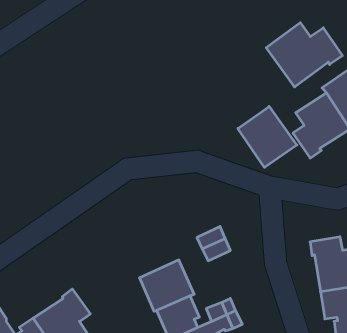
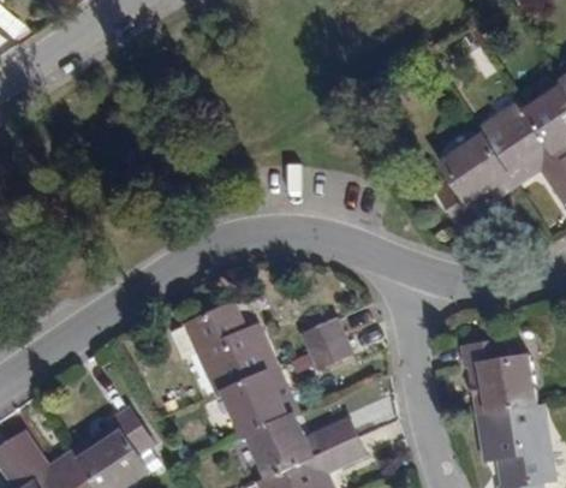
building: [266,23,342,87] -> none
building: [238,106,297,167] -> none
building: none -> [186,303,280,393]

